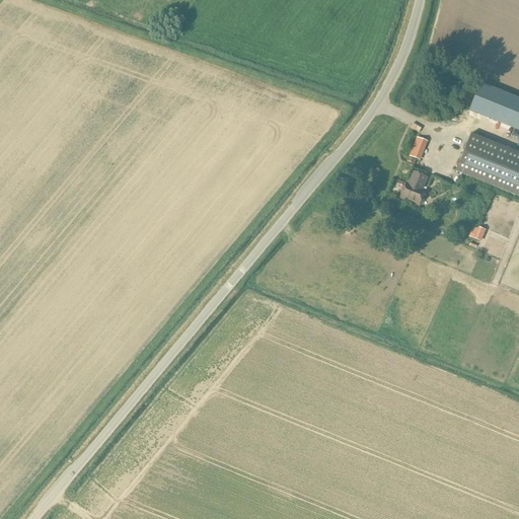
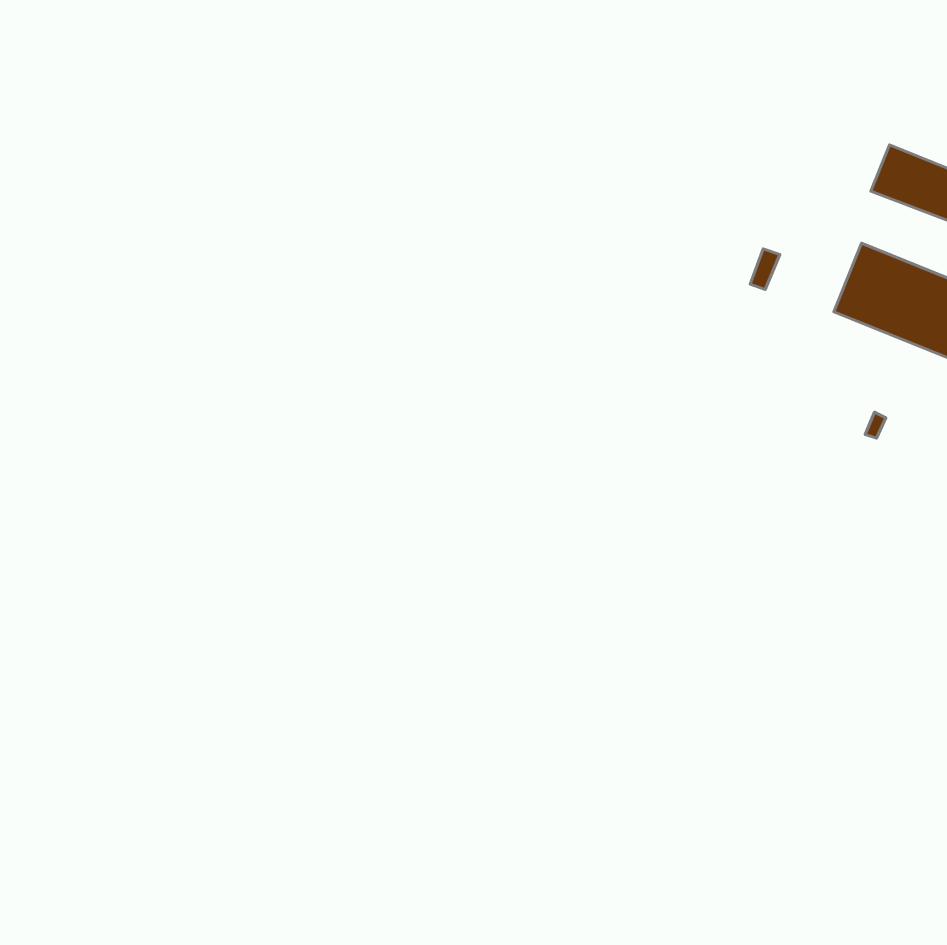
building: [400,170,428,205] -> none

